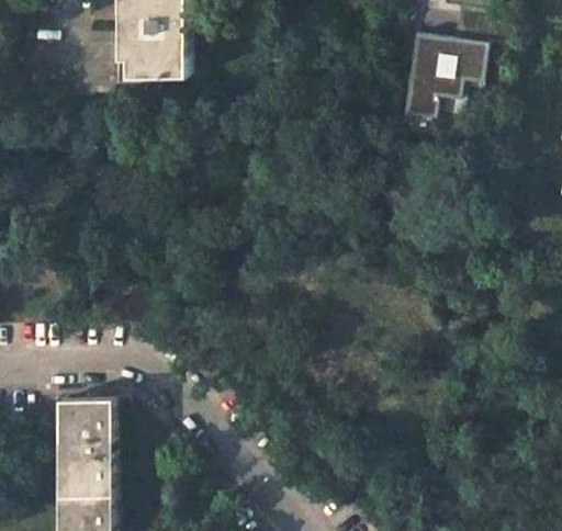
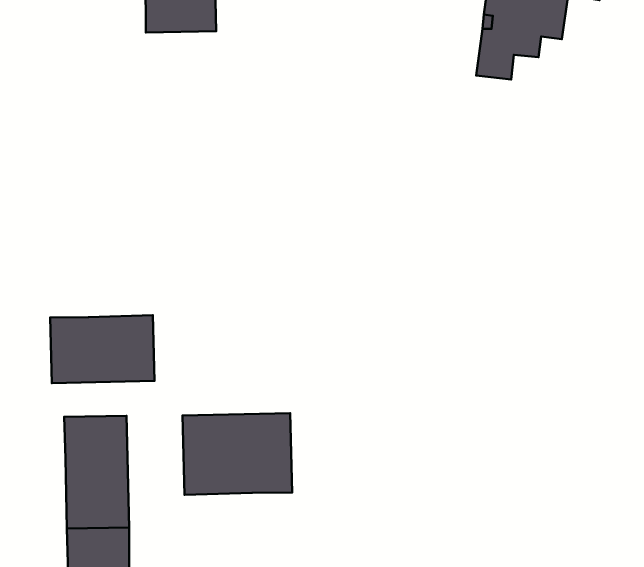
building: none -> [50,315,154,383]
building: none -> [183,413,292,495]

